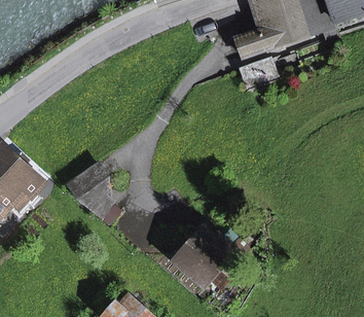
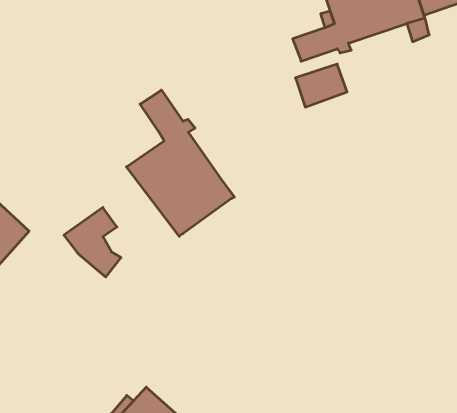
building: none -> [126,90,234,236]
building: [174,230,230,282] -> none

